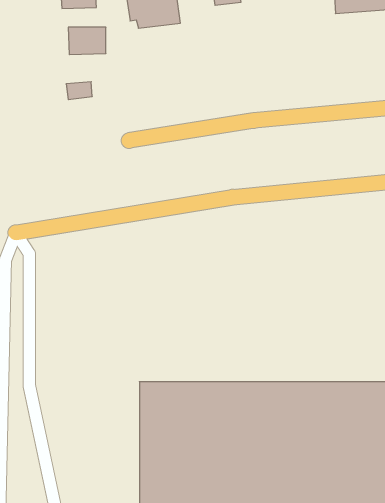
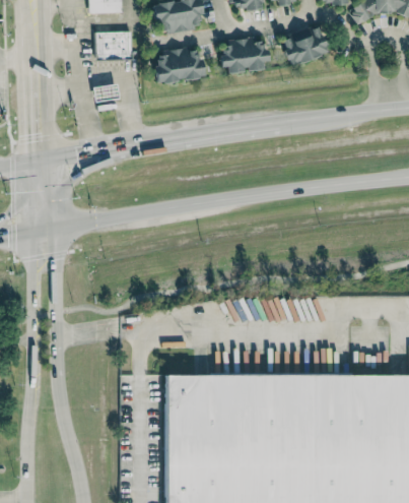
building: none -> [281,25,329,65]
building: none -> [220,38,268,73]
building: none -> [155,47,205,83]

